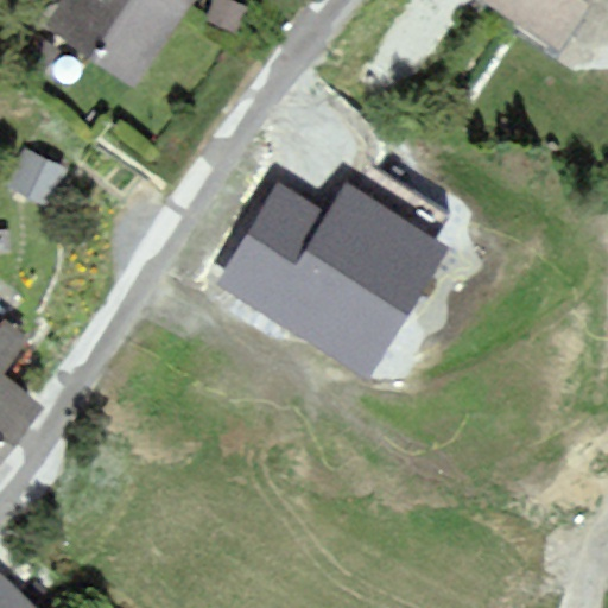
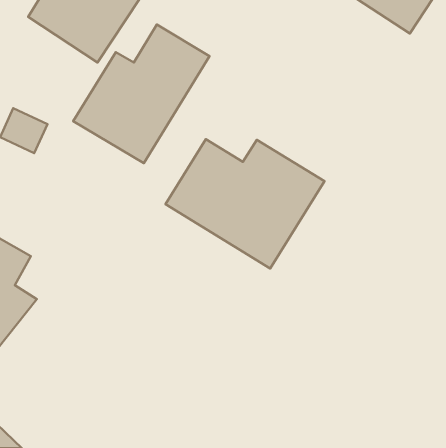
building: none -> [73,25,209,163]

